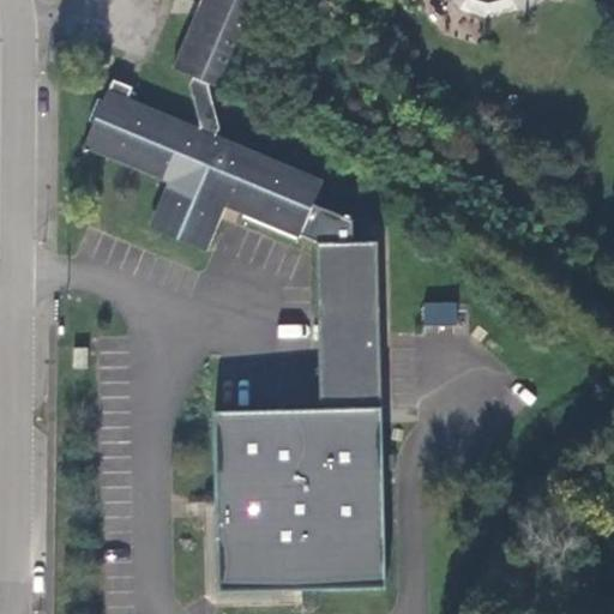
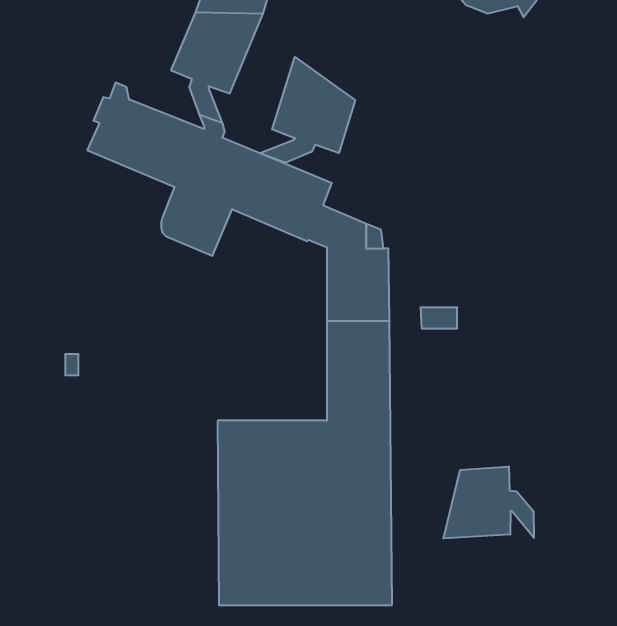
building: none -> [259,57,355,163]
building: none -> [443,466,534,539]

